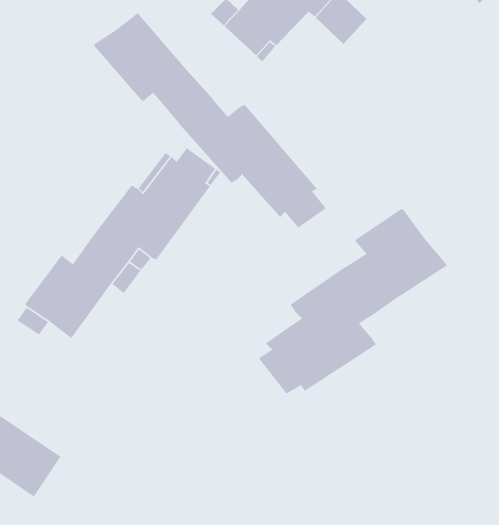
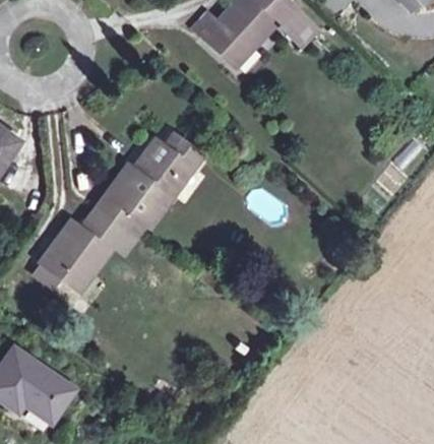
building: [93,12,327,229] -> none
building: [258,208,448,394] -> none

